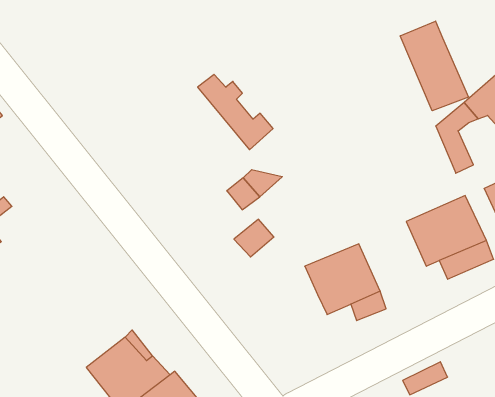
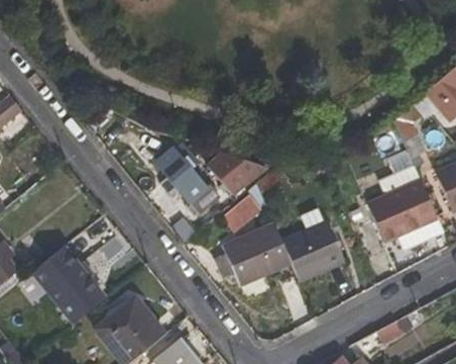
building: [400,21,469,111] -> none
building: [198,74,273,150] -> [155,150,220,214]
building: none -> [222,222,292,286]
building: none -> [34,246,108,322]

